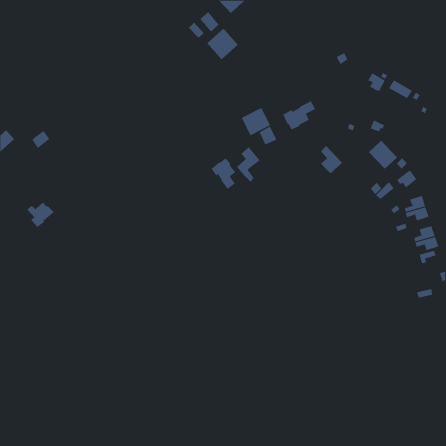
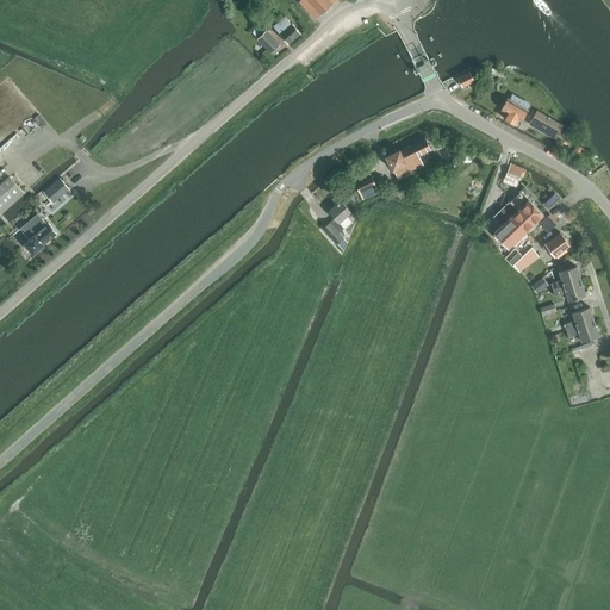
building: [206,28,238,60] -> none
building: [241,107,271,136] -> none
building: [320,145,343,174] -> [493,208,524,248]
building: [211,158,236,190] -> none
building: [27,202,55,228] -> [18,219,56,255]

